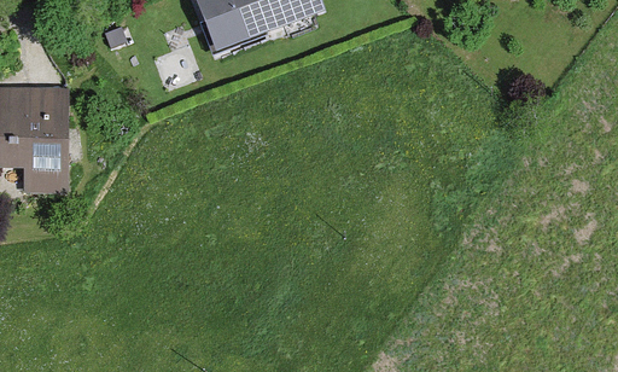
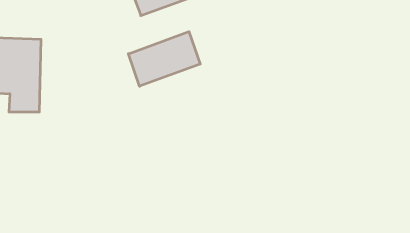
building: none -> [128,32,200,86]

